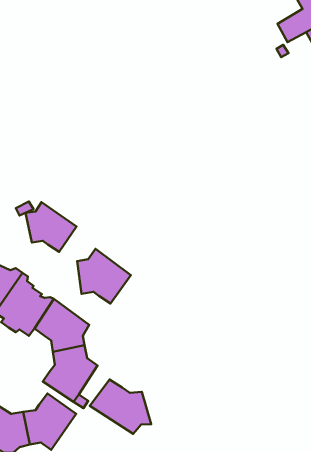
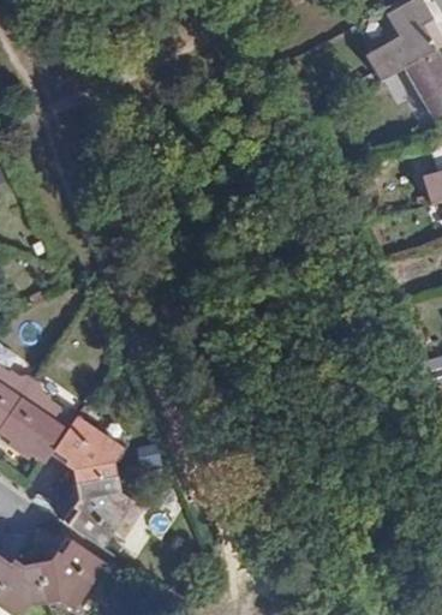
building: [25,202,76,252] -> none
building: [77,249,131,304] -> none
building: [90,379,151,434] -> none

